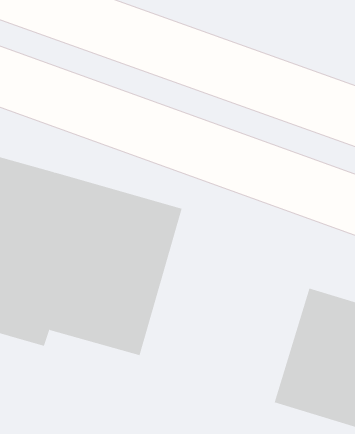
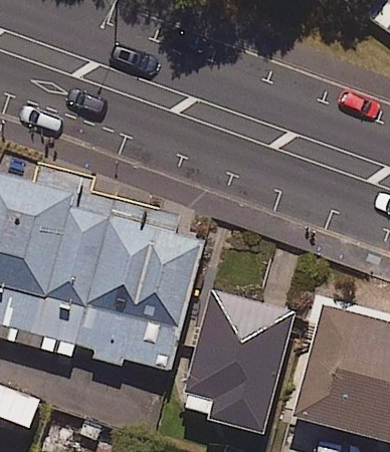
building: none -> [181,292,295,433]

